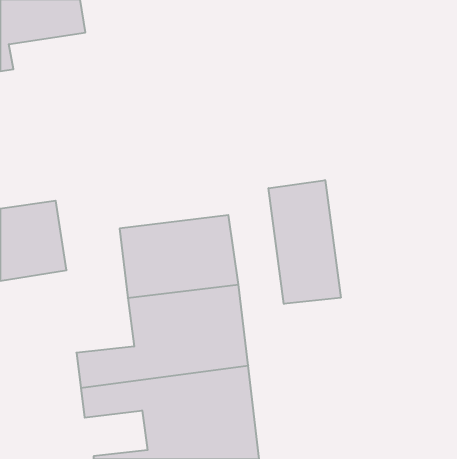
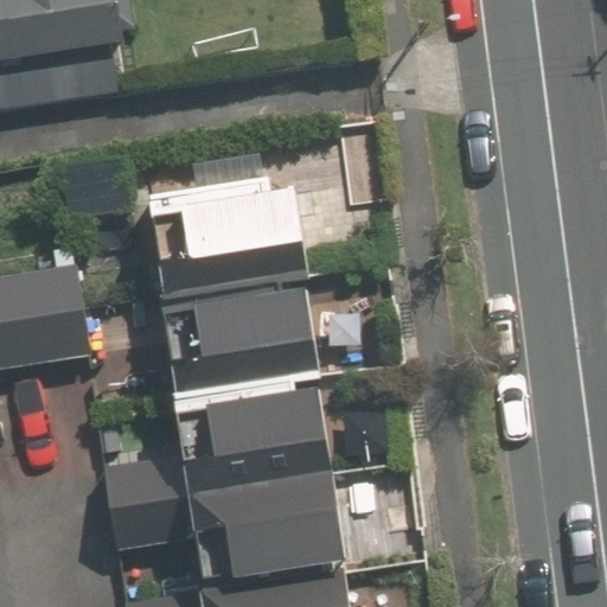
building: none -> [147,184,305,301]
building: [269,180,341,304] -> none

